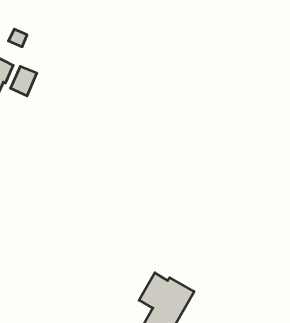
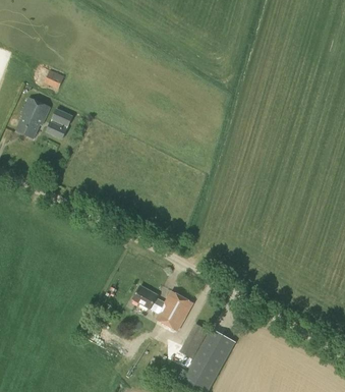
building: none -> [131,285,192,330]

